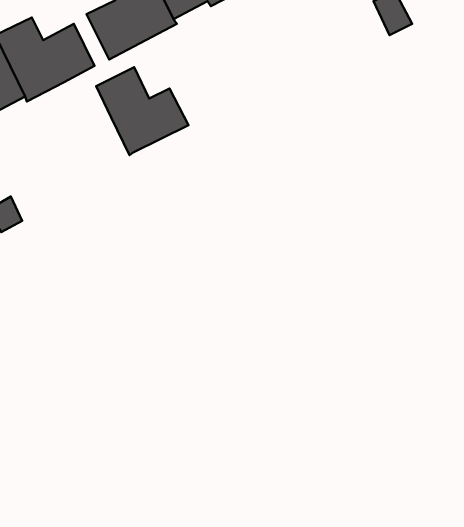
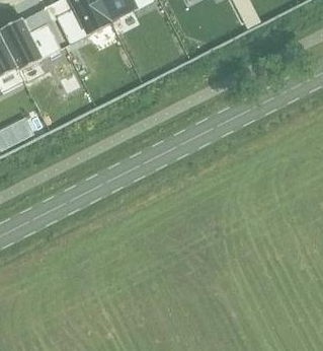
building: [96,67,188,155] -> none

